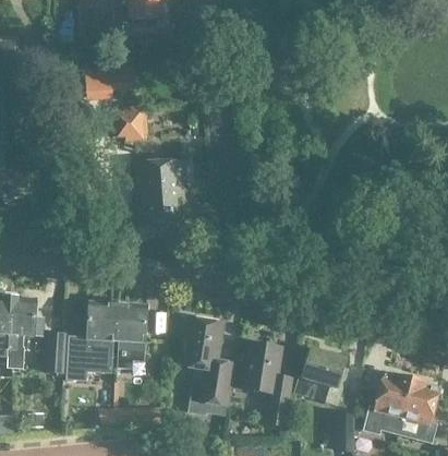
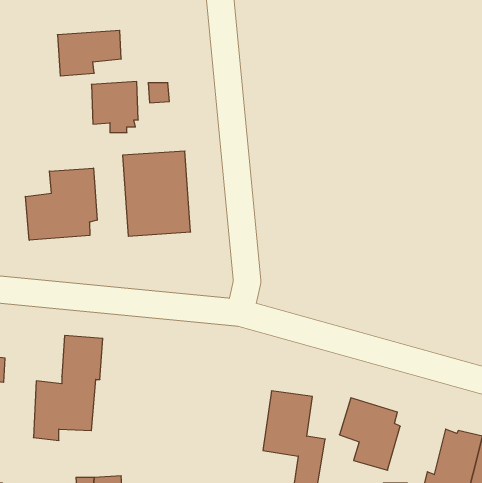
building: none -> [25,168,97,240]
building: [116,302,148,368] -> none
building: [181,317,233,405] -> none
building: [47,335,64,371] -> none

